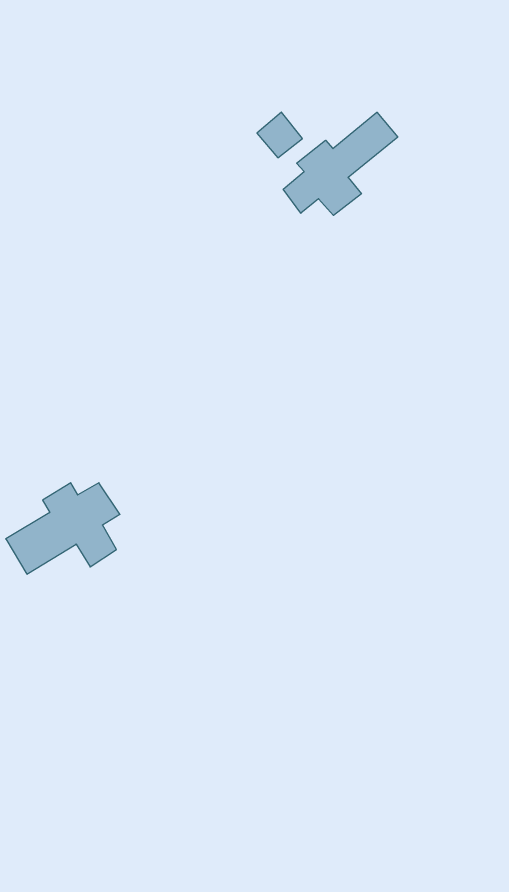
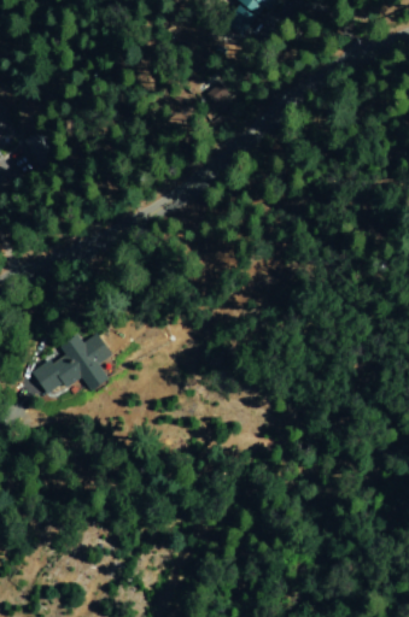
building: [283,112,398,215] -> none

